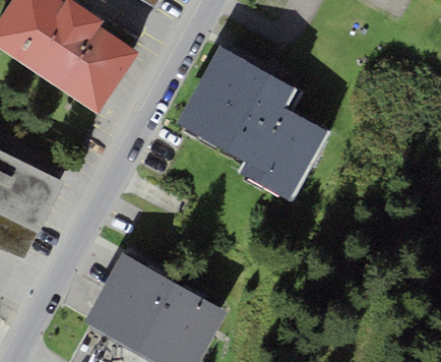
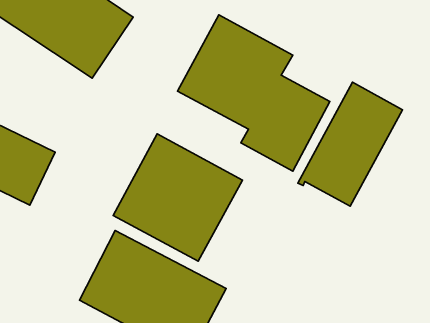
building: none -> [298,82,403,206]
building: none -> [113,134,243,261]

